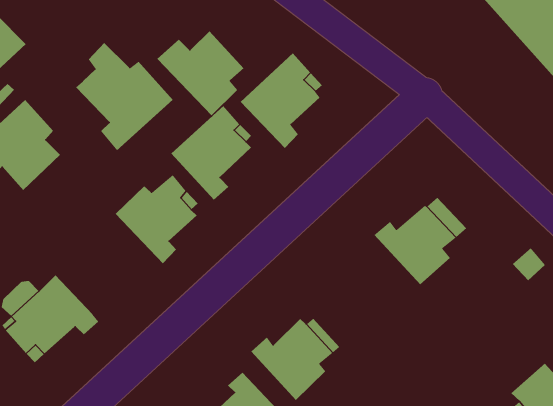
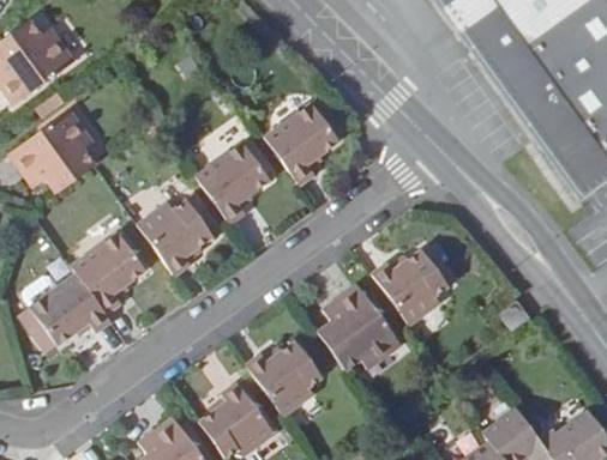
building: [157,31,245,116] -> none
building: [75,42,173,151] -> none
building: none -> [71,234,144,315]
building: none -> [318,285,401,370]

